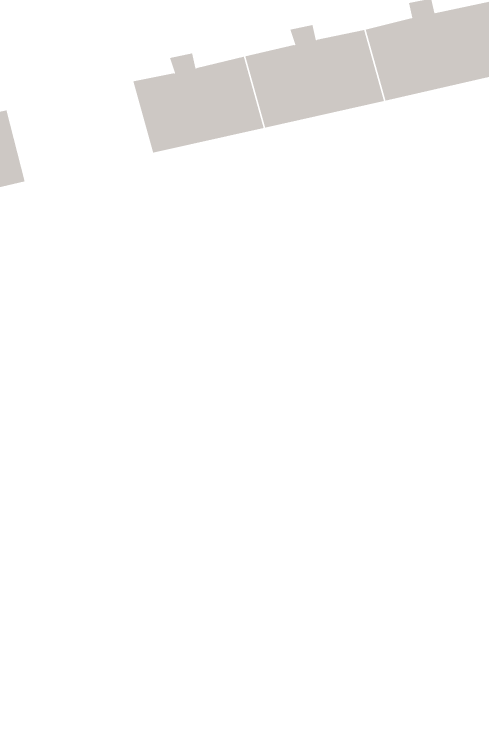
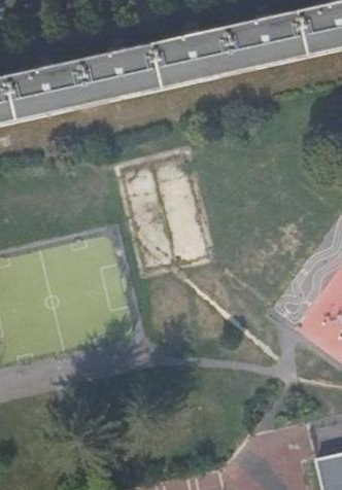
building: none -> [9,56,99,119]

